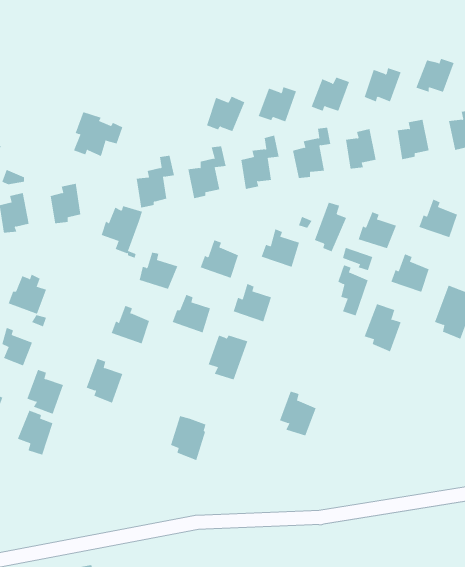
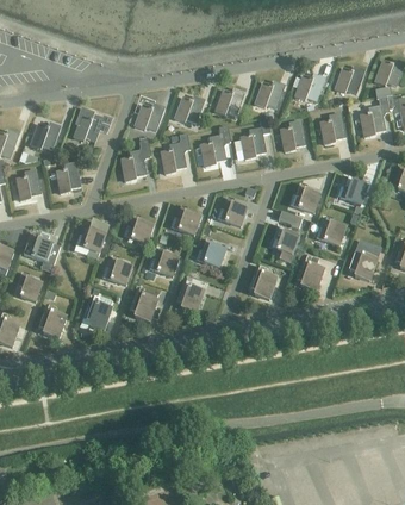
building: none -> [135,104,164,130]
building: none -> [31,123,61,149]
building: [314,202,347,252] -> none
building: [101,205,143,258] -> [76,222,108,262]
building: [279,391,317,436] -> [249,264,278,299]
building: [17,410,53,455] -> none
building: [170,415,208,461] -> [130,287,158,322]

